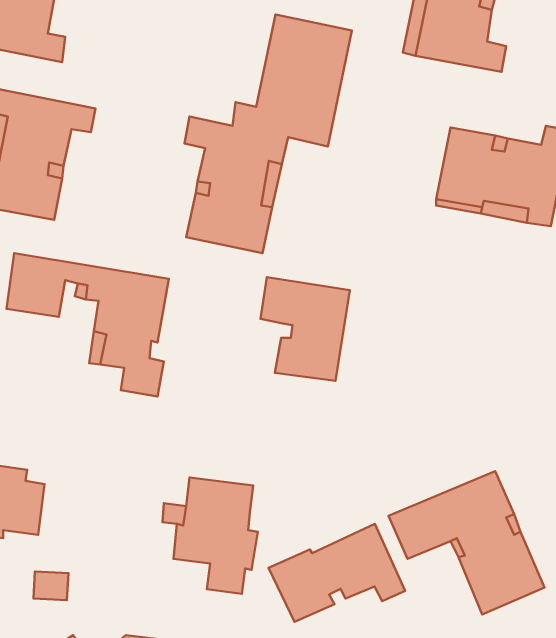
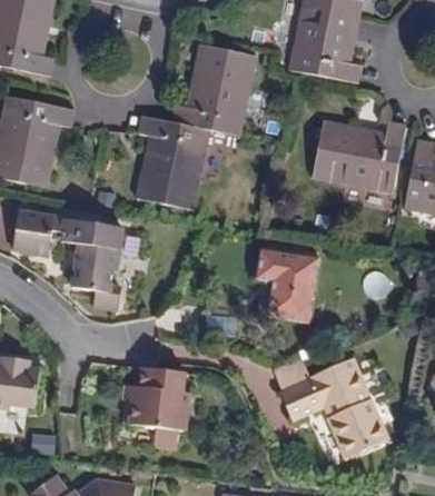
building: [261,277,350,381] -> [256,248,318,320]
building: [268,524,405,622] -> none

